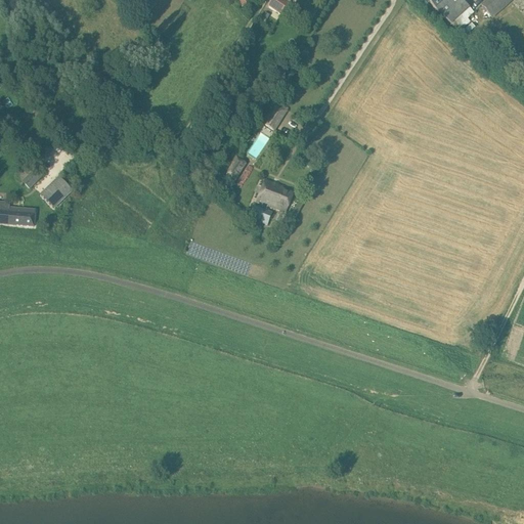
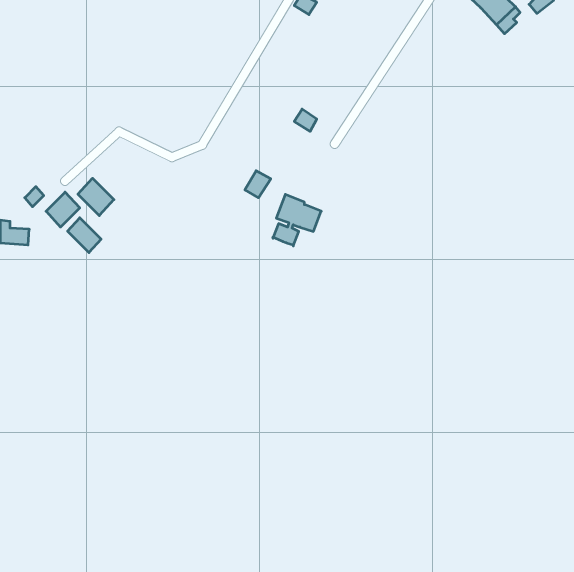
building: none -> [78,178,114,216]
building: none -> [68,218,101,253]

